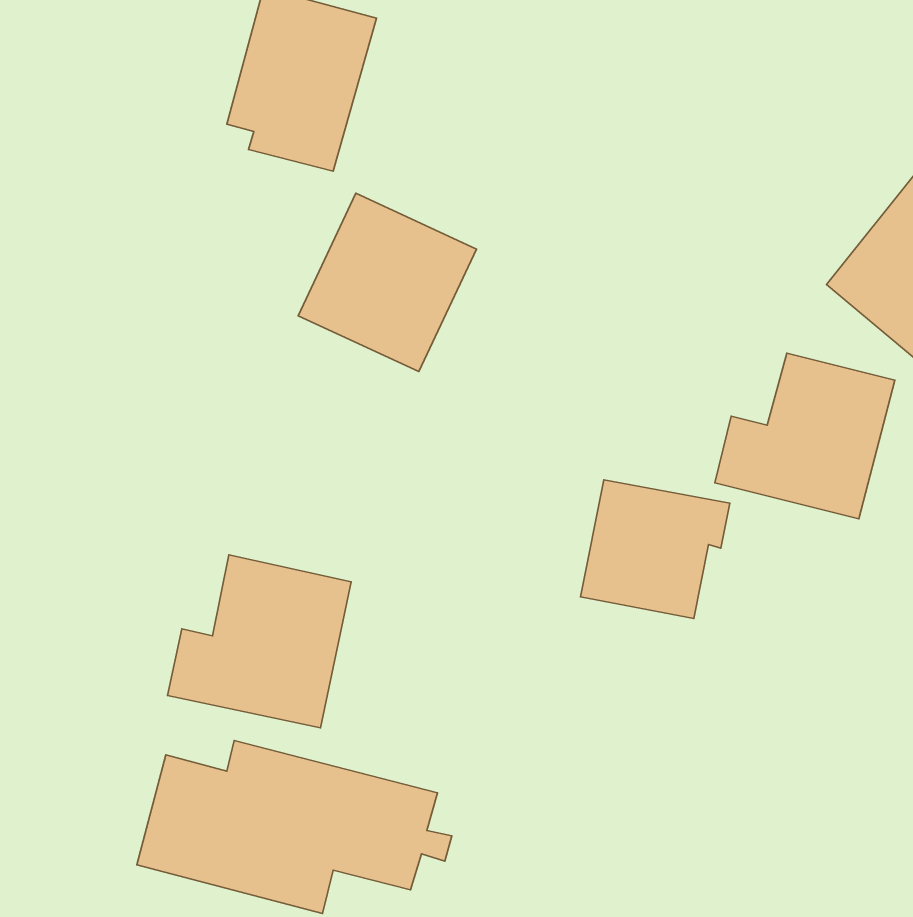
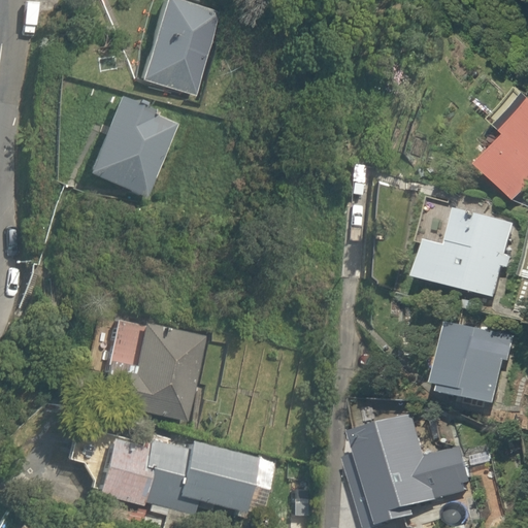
building: [298,193,477,372] -> [78,97,180,199]
building: [580,480,730,618] -> [432,323,518,402]
building: none -> [344,407,471,513]

